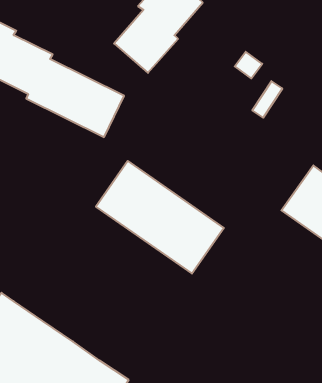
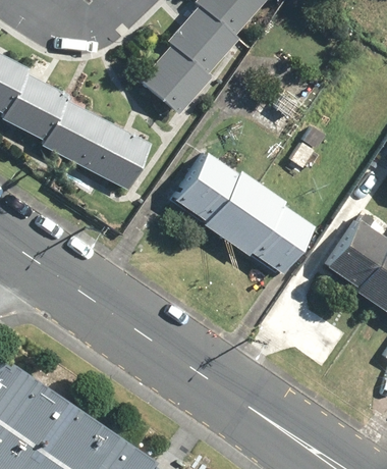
building: [96,161,224,274] -> [171,153,314,278]

